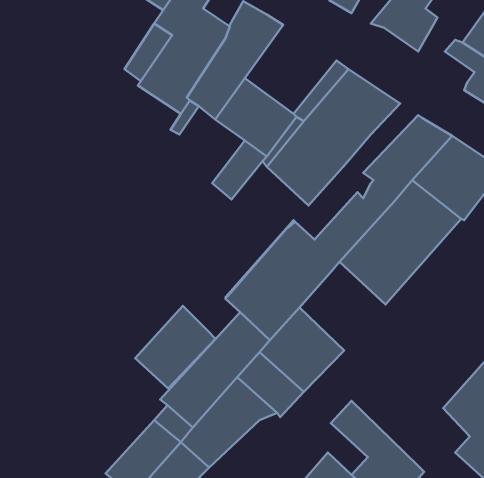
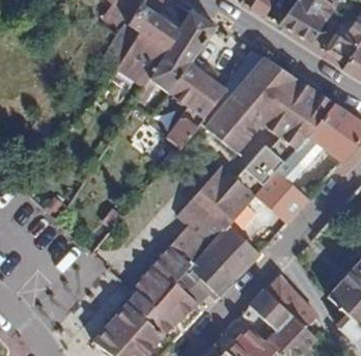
building: none -> [260,81,311,137]
building: [135,306,216,388] -> none
building: none -> [265,274,323,335]

